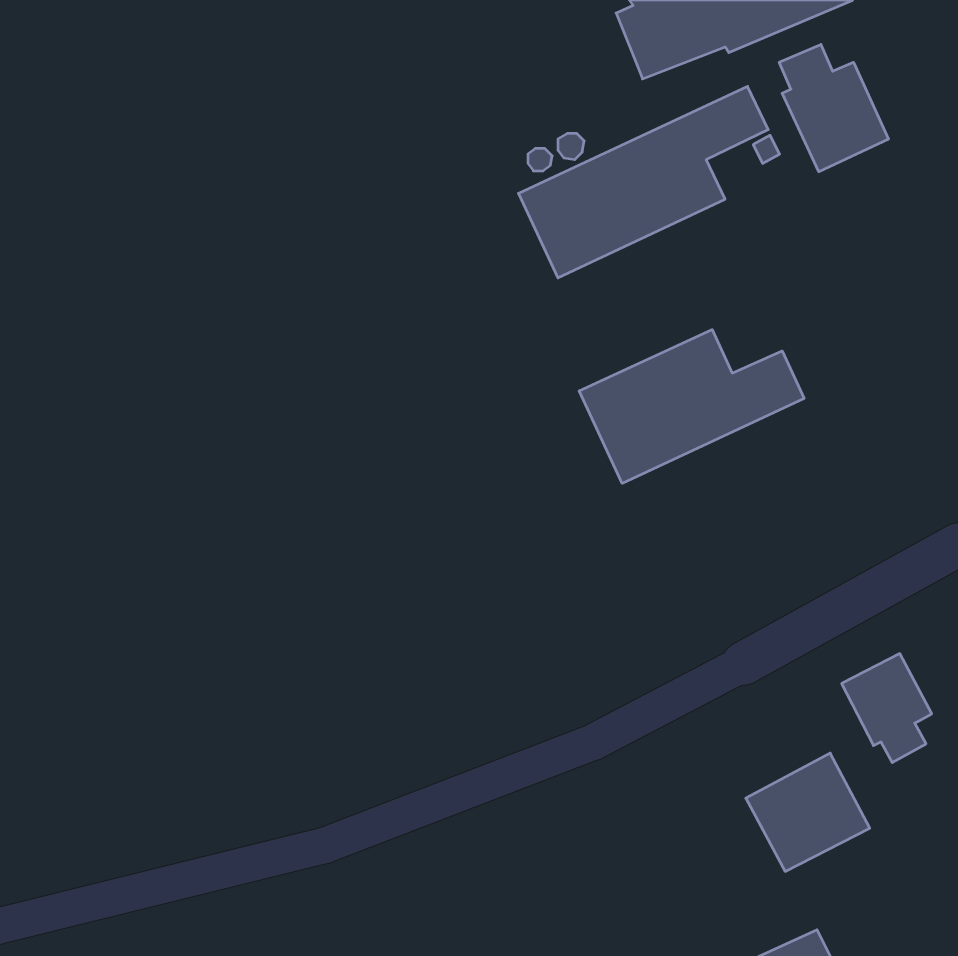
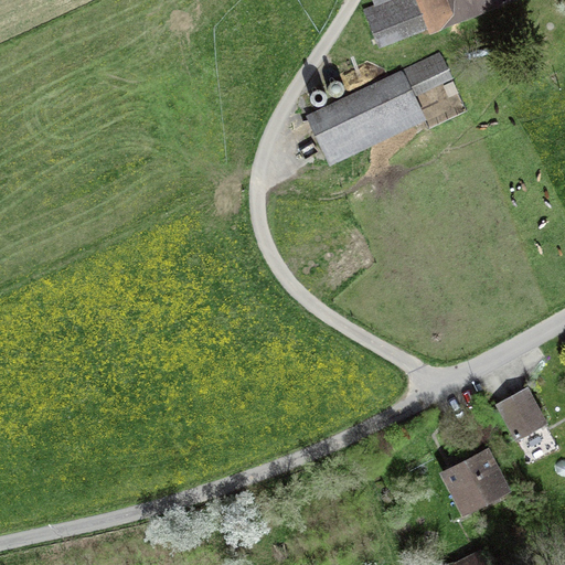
building: [779,44,888,172] -> none
building: [579,330,804,483] -> none

